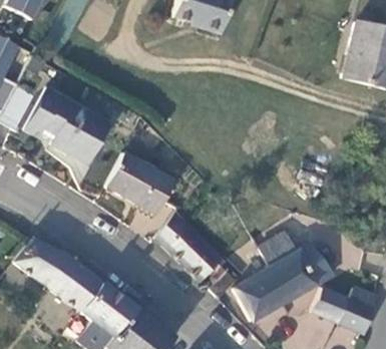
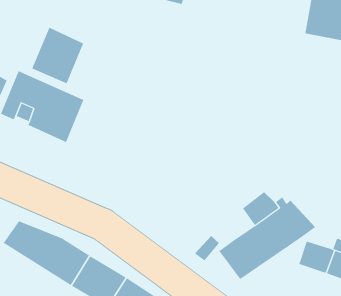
building: none -> [31,27,84,84]
building: [105,153,174,215] -> none
building: [157,213,224,280] -> none

